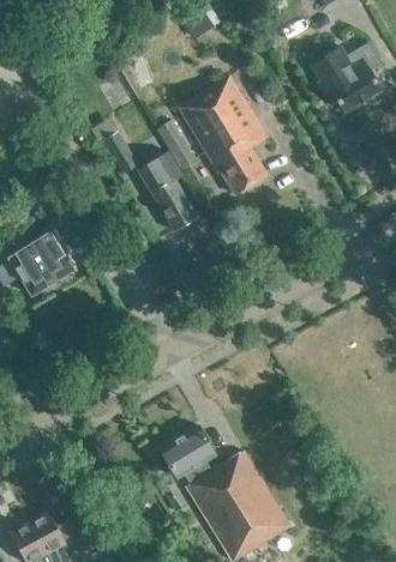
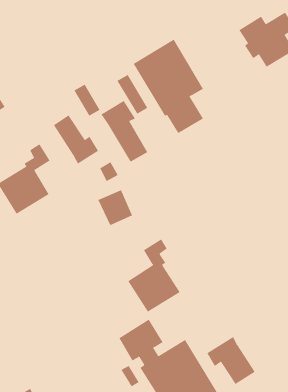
building: none -> [53,114,99,165]
building: none -> [127,238,180,313]
building: none -> [207,336,255,385]

